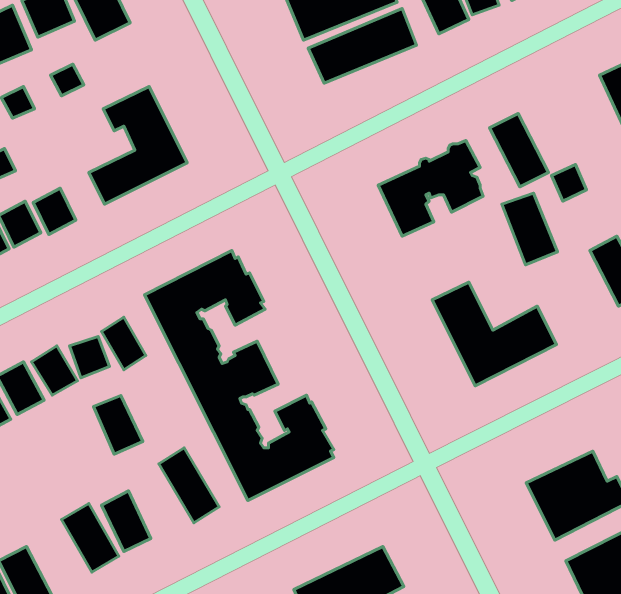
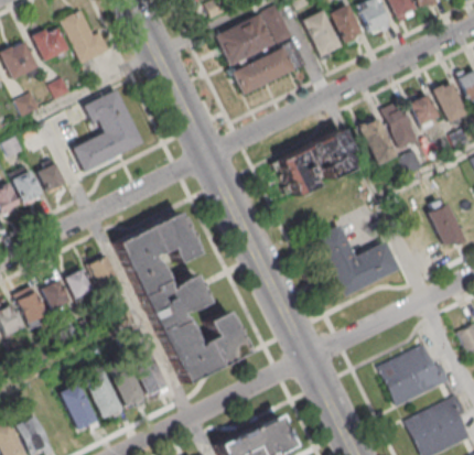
building: none -> [408,93,439,128]
building: [502,193,557,265] -> [380,101,419,151]
building: [94,395,143,454] -> [111,367,146,408]

